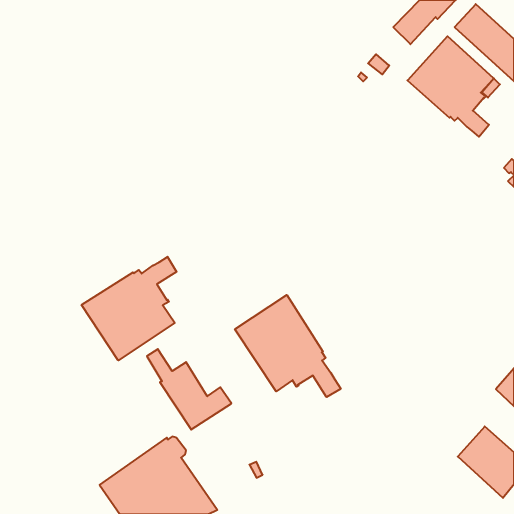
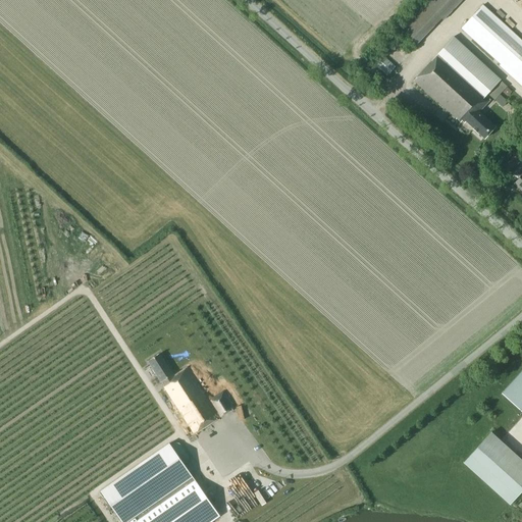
building: [82,257,177,360] -> none
building: [235,295,341,397] -> none

